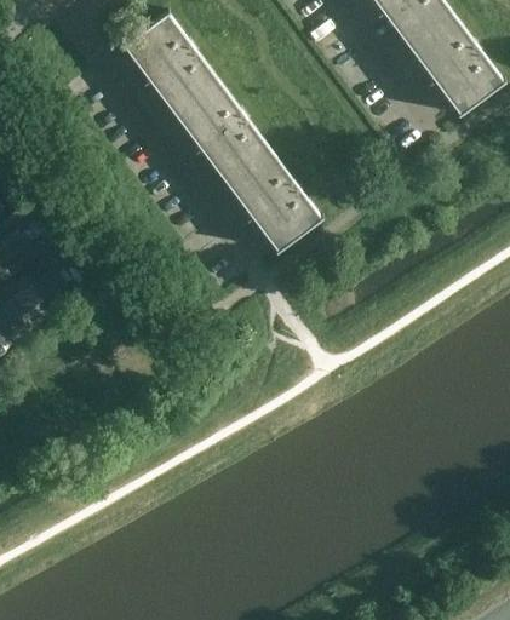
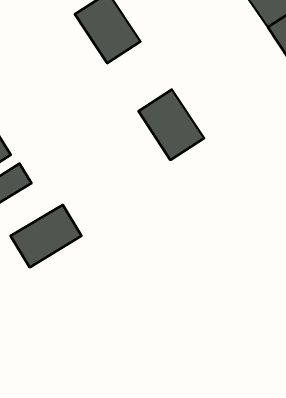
building: [173,79,271,182] -> none
building: none -> [11,205,82,267]

